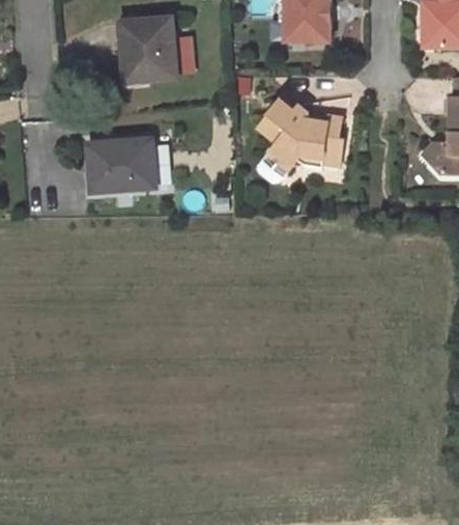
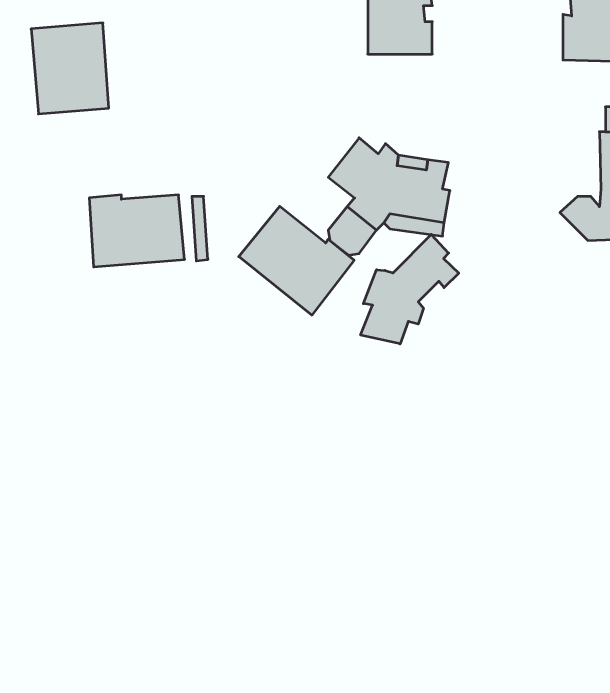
building: [121,17,176,81] -> [31,23,109,114]
building: none -> [239,206,354,315]
building: none -> [361,234,459,344]

